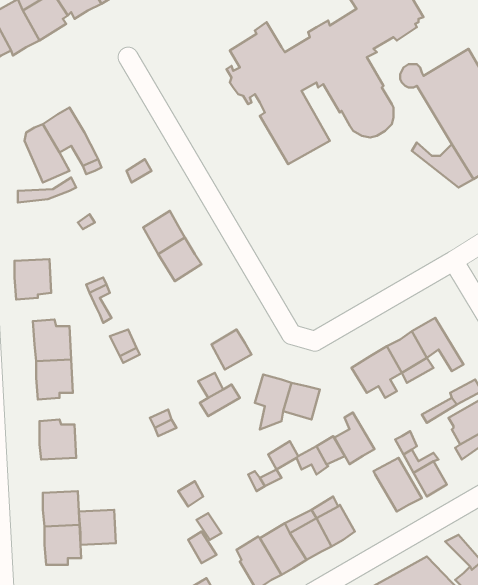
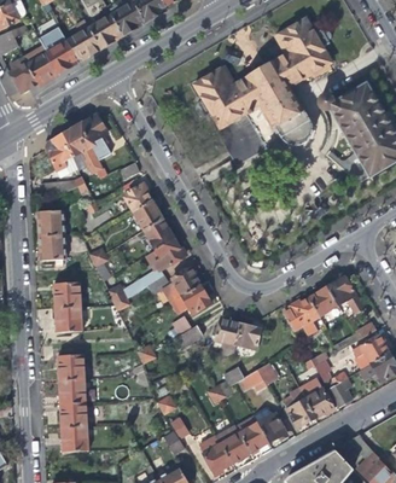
building: none -> [78,115,110,159]
building: none -> [122,178,151,211]
building: none -> [37,206,64,235]
building: none -> [150,238,184,270]
building: none -> [147,268,199,304]
building: [334,412,374,464] -> [286,390,315,427]
building: [79,510,116,545] -> [58,378,85,403]

